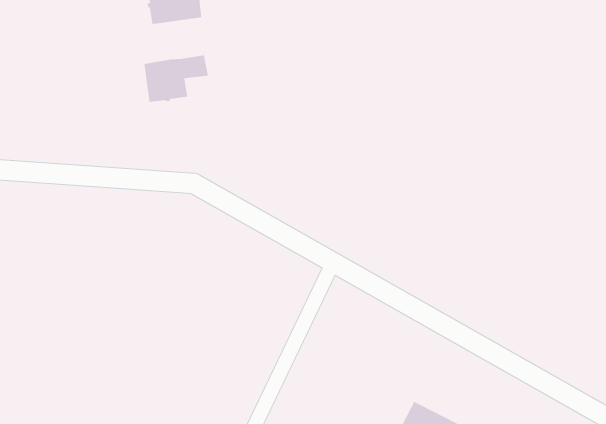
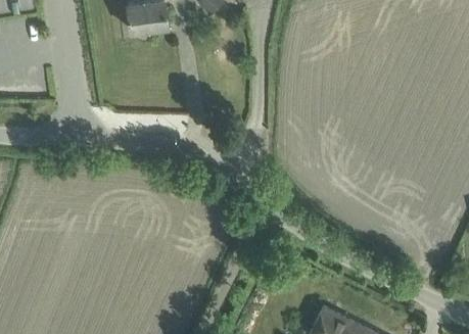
building: [143,55,209,103] -> none

